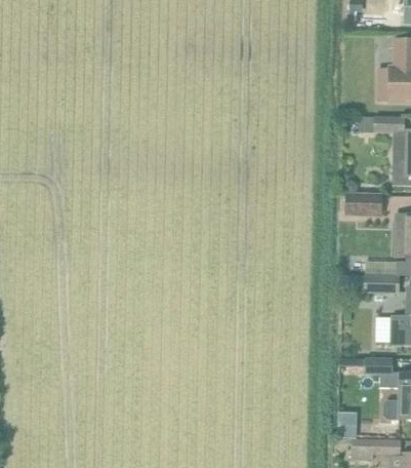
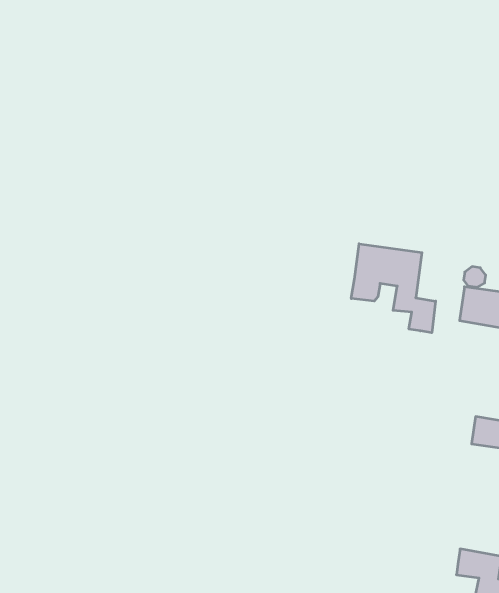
building: none -> [351,244,436,333]

